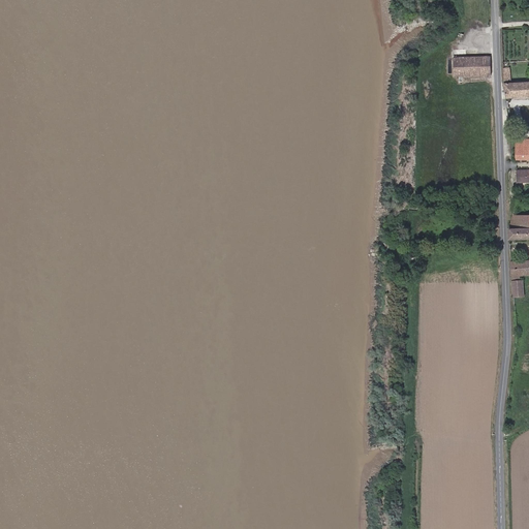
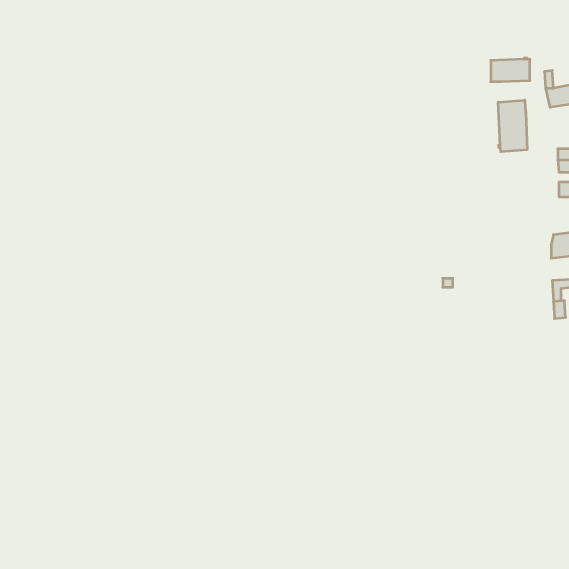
building: none -> [498,100,527,152]

